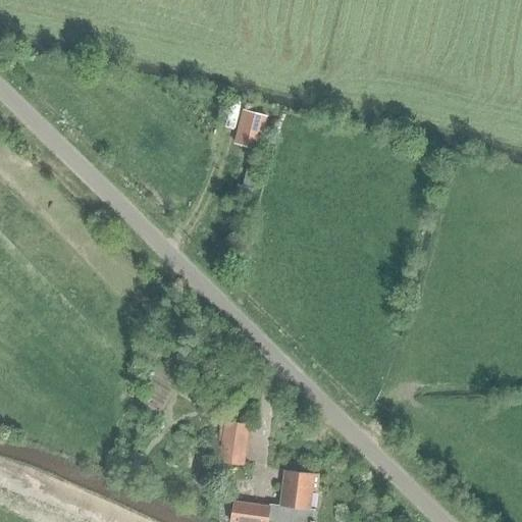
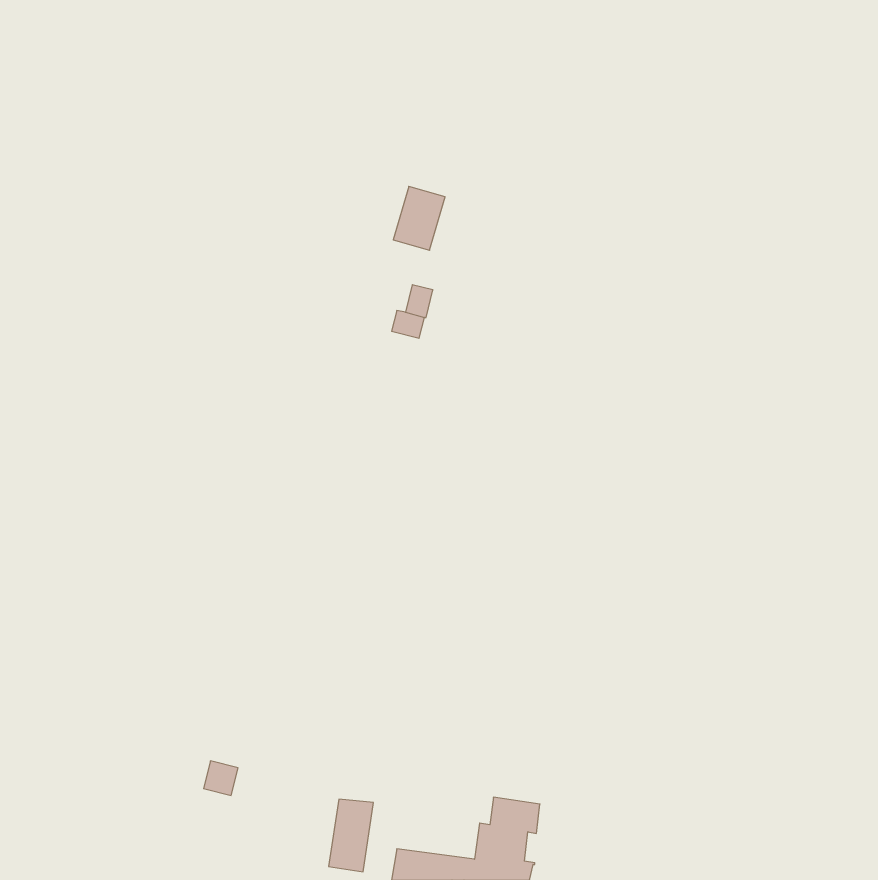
building: [216,421,243,464] -> [329,799,373,872]

